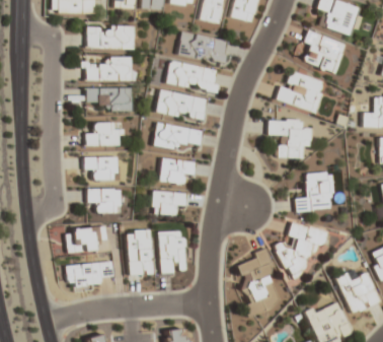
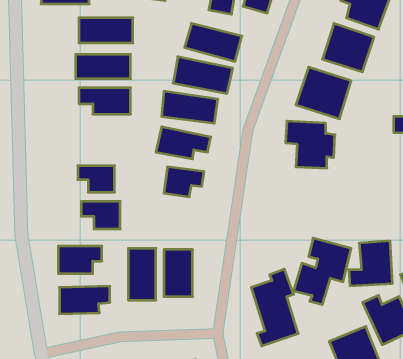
building: [85,122,122,145] -> none
building: [295,172,333,211] -> [349,241,392,286]
building: [153,191,186,215] -> none

